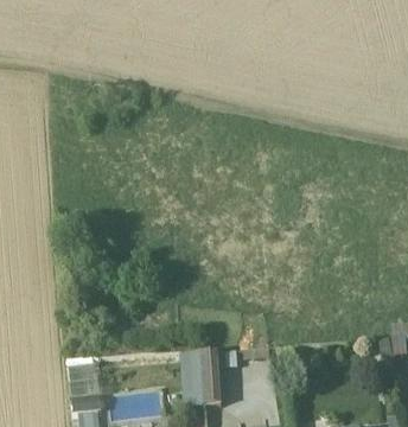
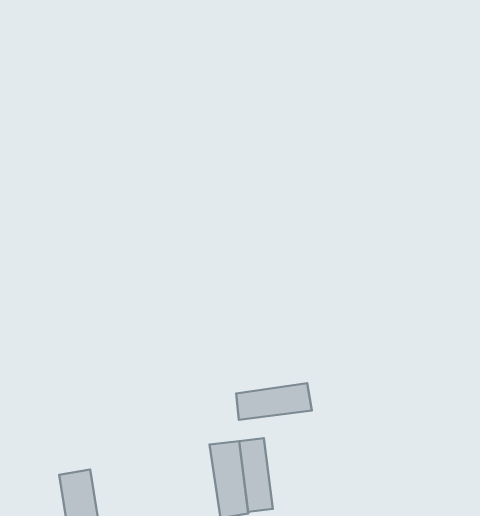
building: none -> [236,383,312,420]

